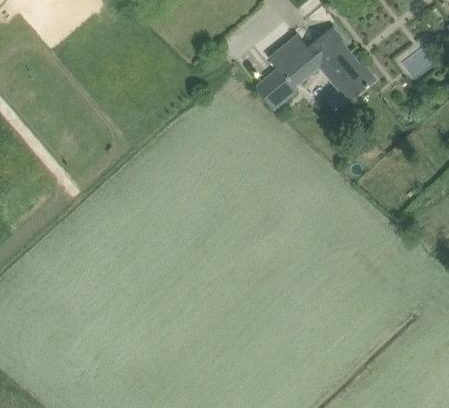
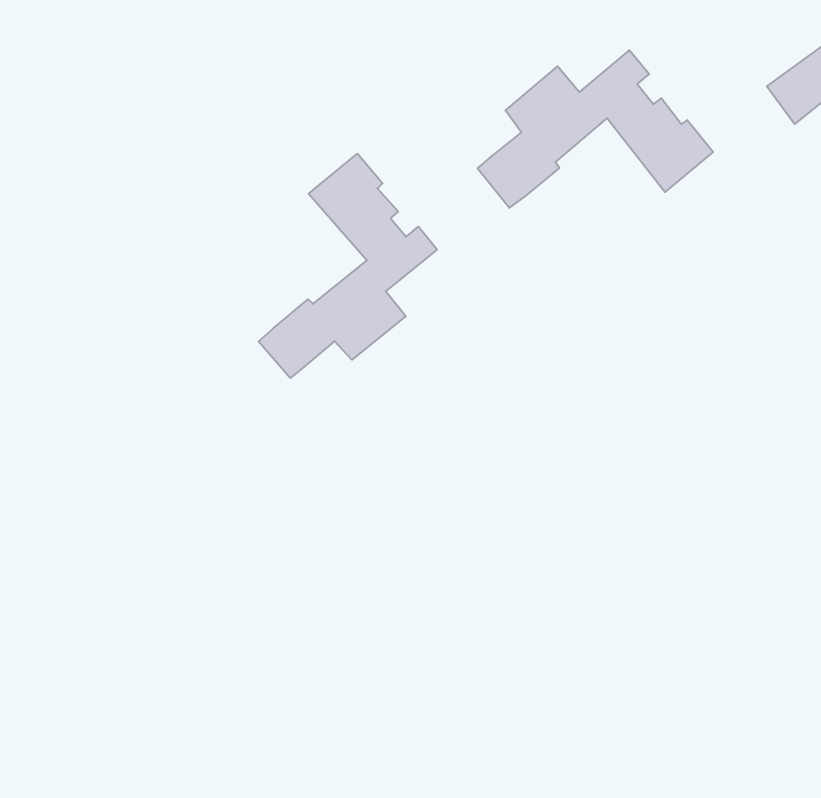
building: none -> [259,154,437,378]

